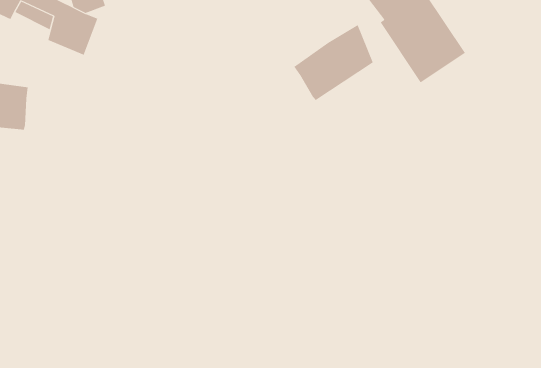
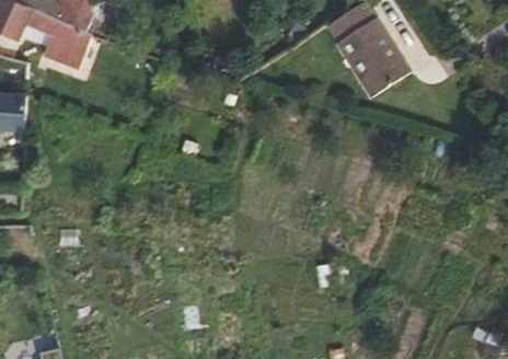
building: [293,24,373,101] -> none

